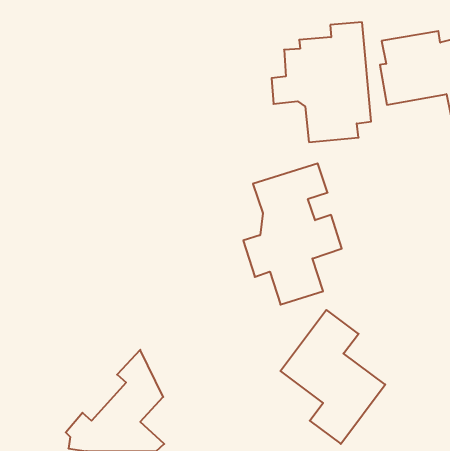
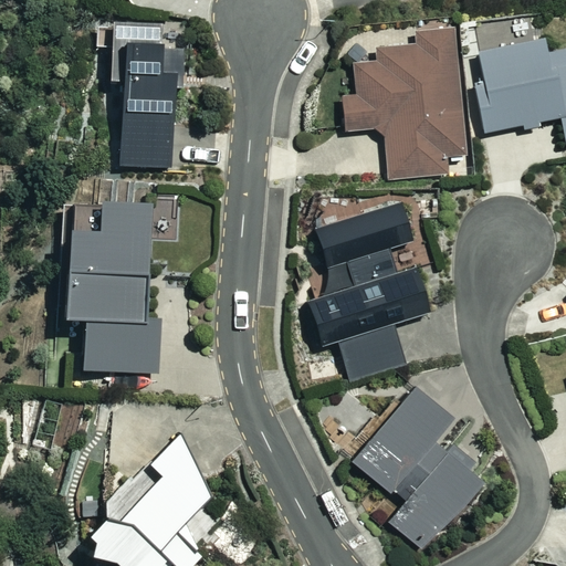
building: none -> [109,23,185,166]
building: none -> [64,209,165,369]

